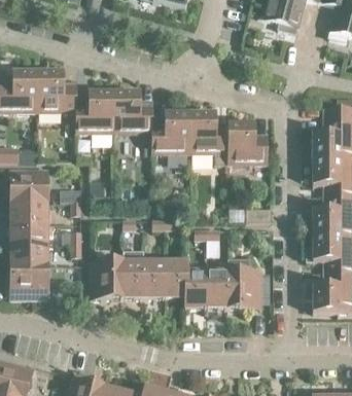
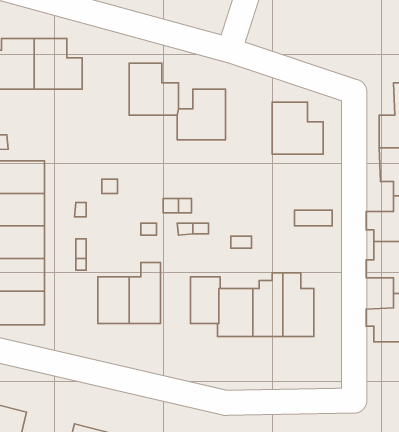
building: [76,92,114,133] -> none
building: [190,112,227,164] -> none
building: [139,249,163,297] -> none

